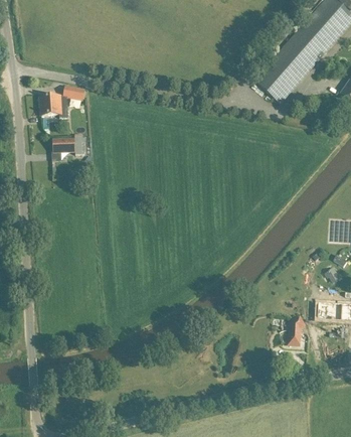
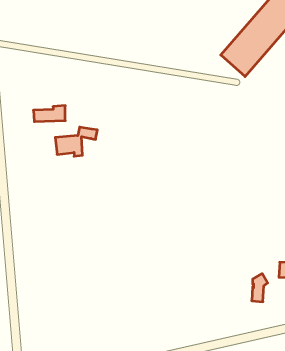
building: [39,86,84,117] -> [55,127,97,156]

